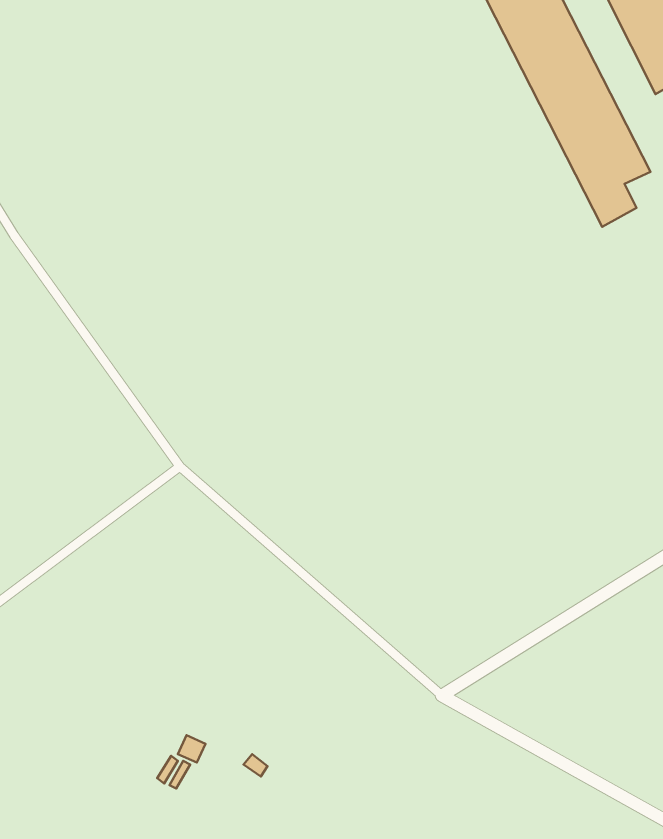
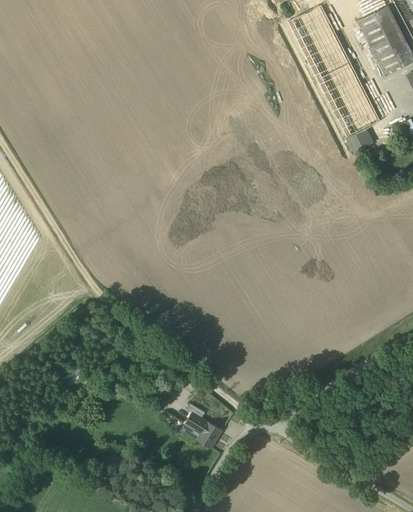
building: none -> [182,403,222,447]

